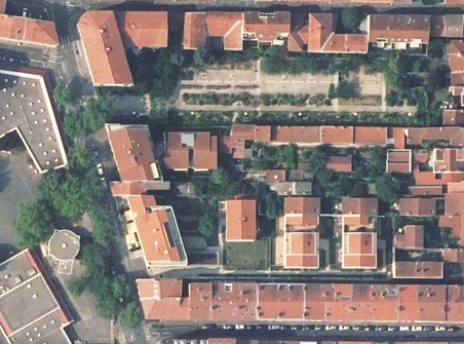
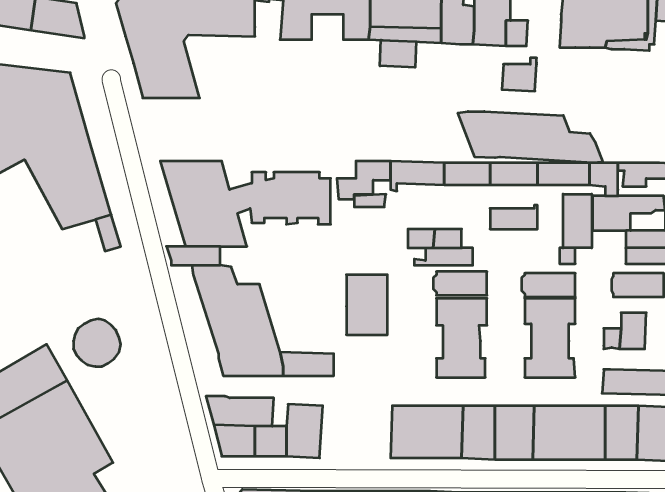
building: [344,31,366,52] -> [502,58,537,91]
building: none -> [380,40,416,67]
building: none -> [458,111,603,163]
building: none -> [563,194,592,248]
building: [209,285,257,319] -> none

